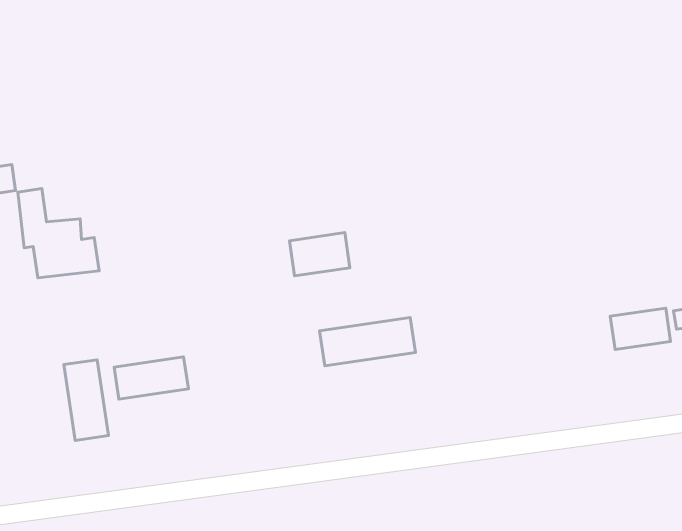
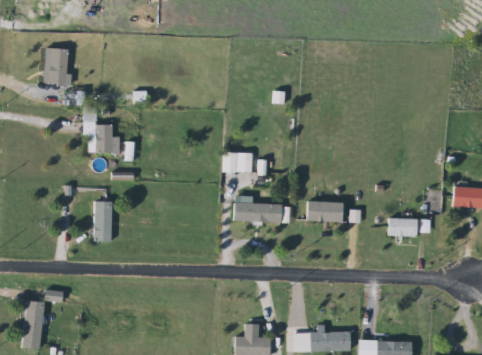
building: none -> [305,202,343,222]
building: [114,357,188,399] -> none

